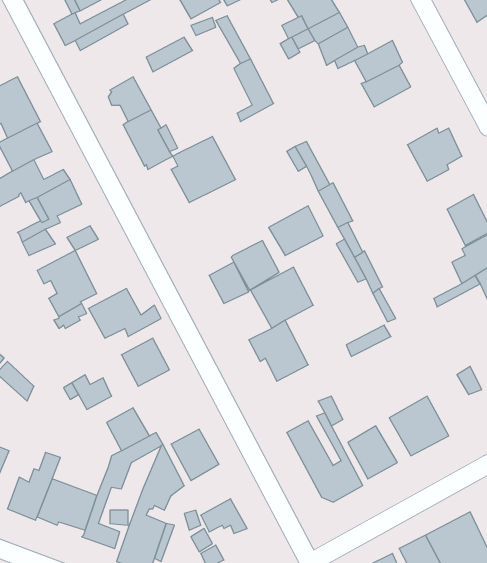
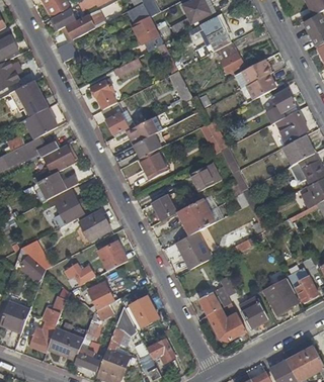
building: none -> [264,87,297,122]
building: none -> [282,133,315,164]
building: [231,241,279,290] -> [139,148,168,178]
building: none -> [289,265,317,298]

